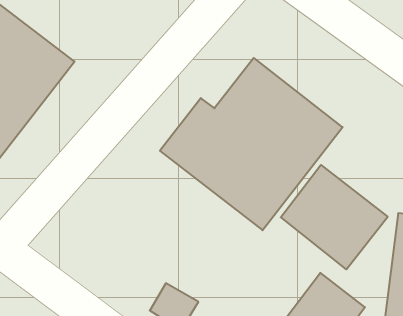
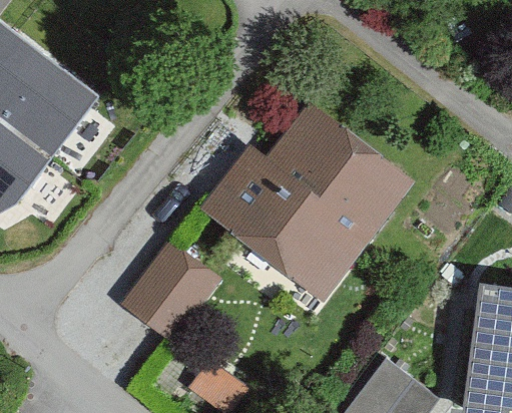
building: [281,165,388,269] -> none
building: none -> [120,244,218,343]

